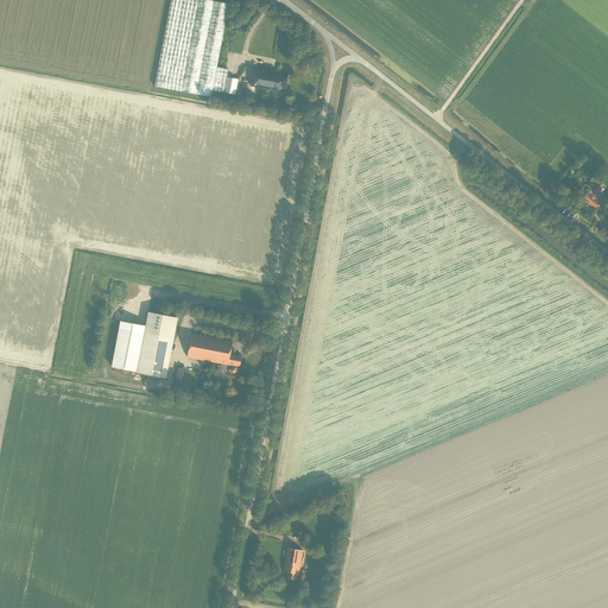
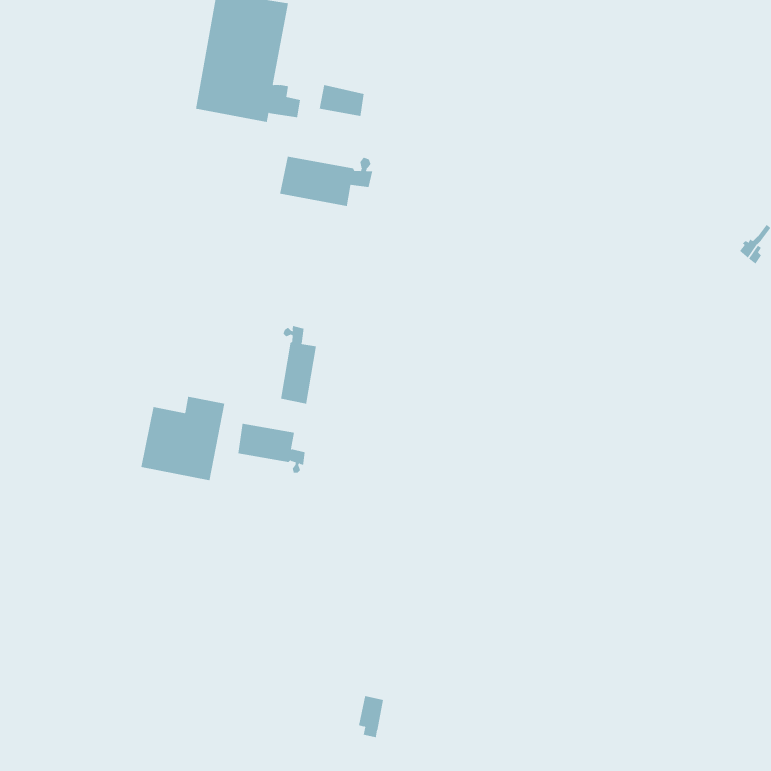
building: none -> [279,156,373,207]
building: none -> [280,325,317,405]

